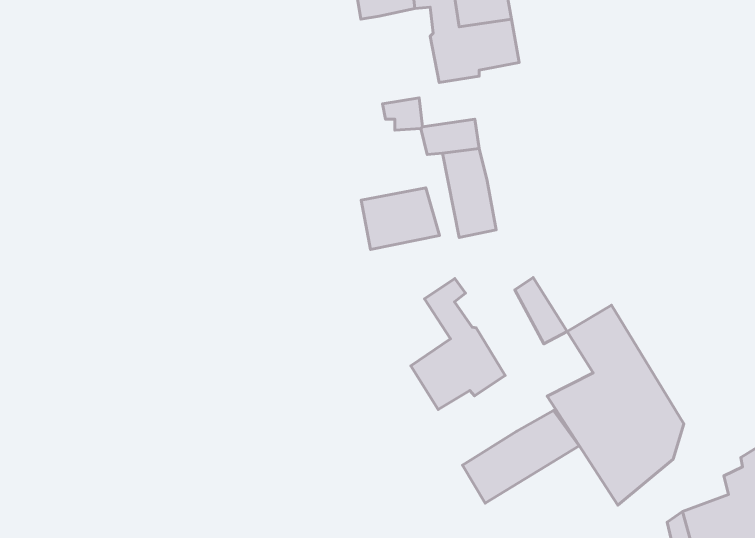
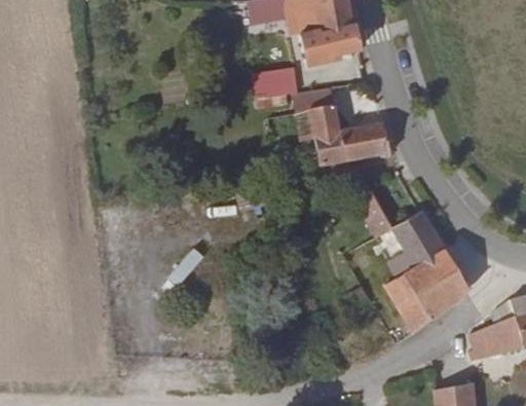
building: [361,188,440,249] -> [337,120,389,161]
building: [411,278,505,410] -> none
building: [463,410,579,503] -> none

